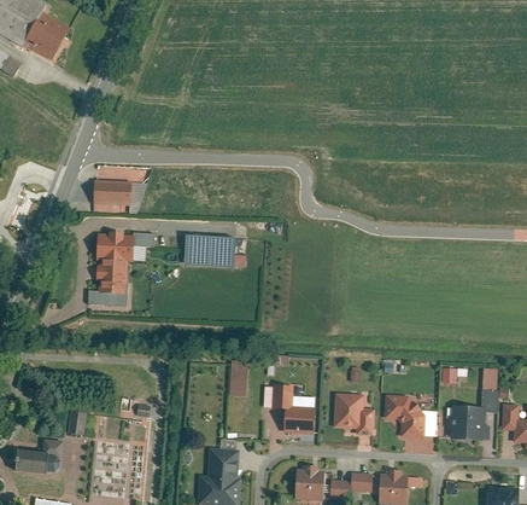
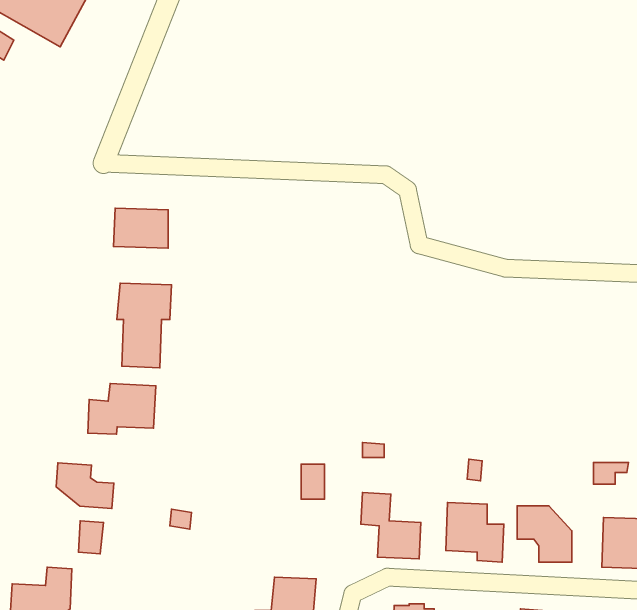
building: [182,236,236,268] -> none
building: none -> [88,384,156,434]
building: none -> [56,463,114,509]

